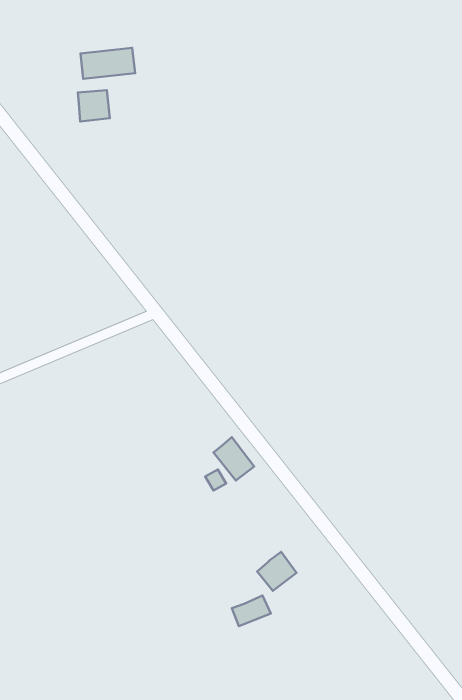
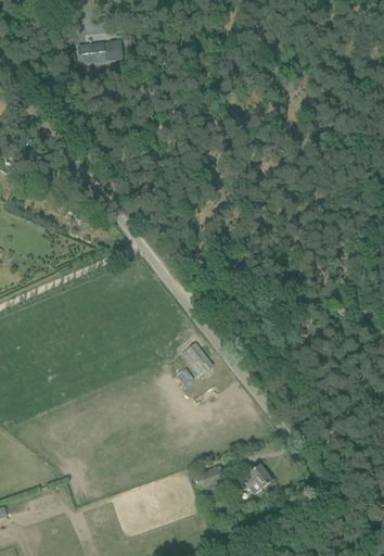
building: [78,90,110,121] -> none
building: [257,552,297,591] -> [242,464,272,494]

